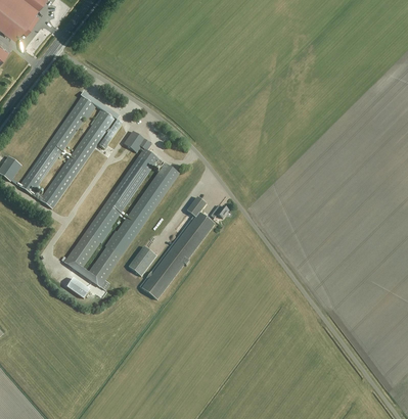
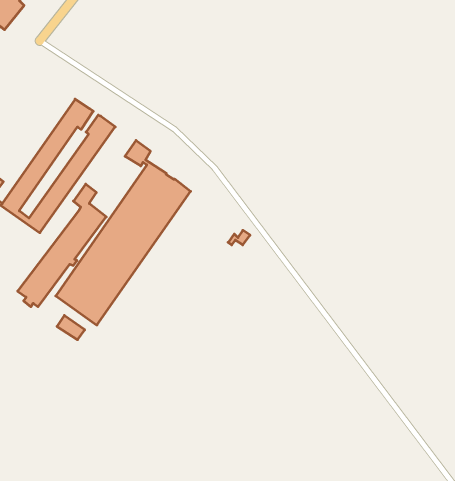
building: [139,197,214,300] -> [18,184,106,307]
building: [128,247,155,277] -> none

